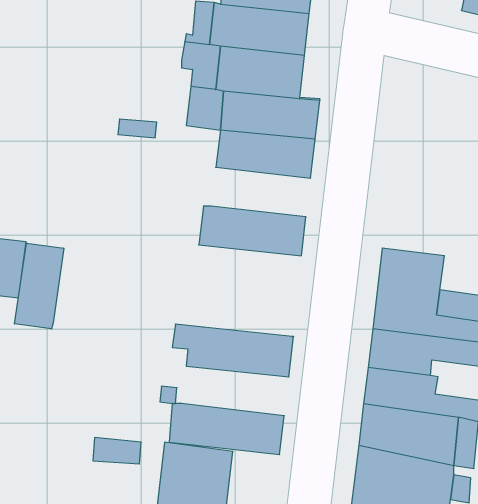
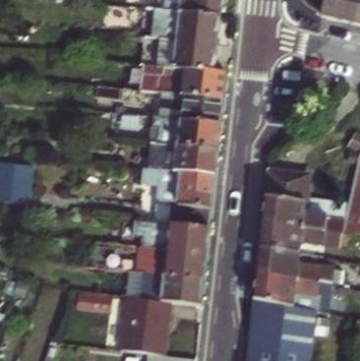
building: none -> [153,116,222,148]
building: [14,243,64,329] -> none
building: none -> [141,166,216,227]
building: none -> [137,246,207,279]

